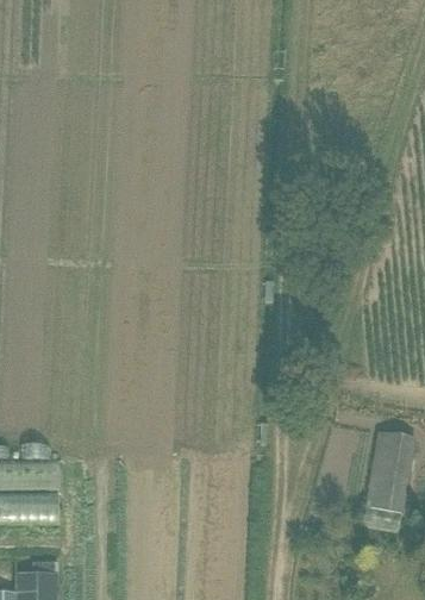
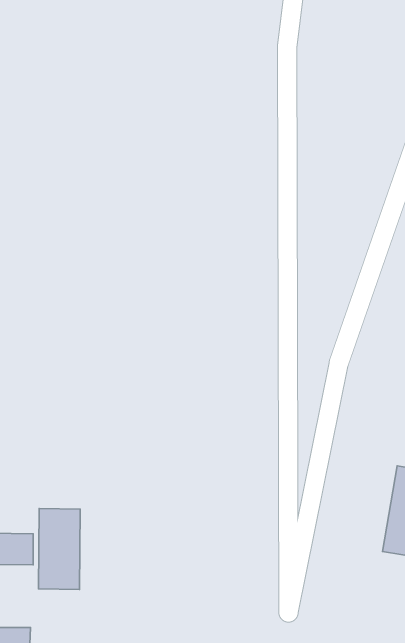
building: none -> [38,508,80,589]

